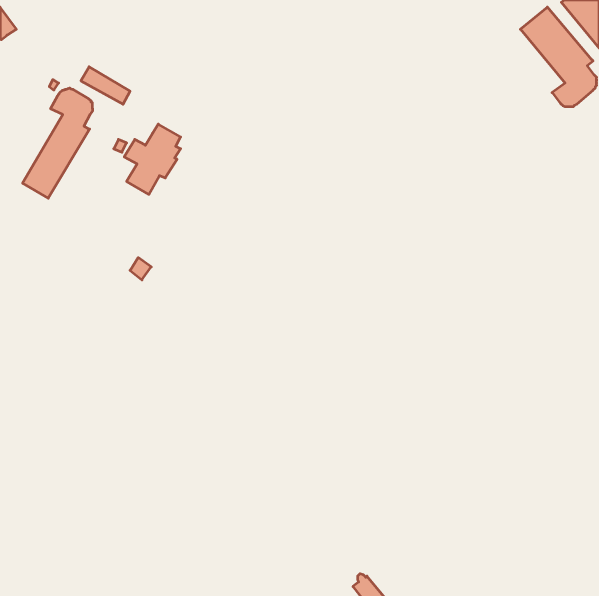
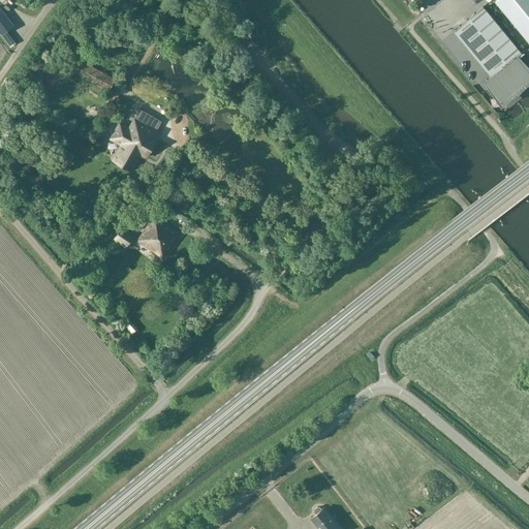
building: [23,88,92,198] -> none
building: none -> [136,218,180,261]

